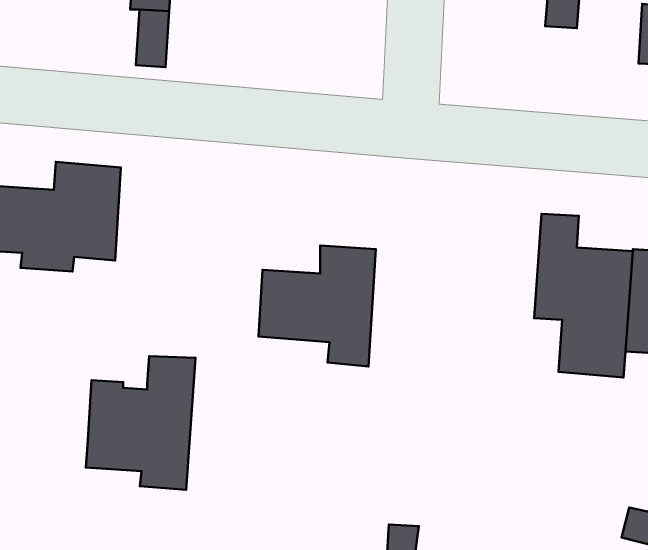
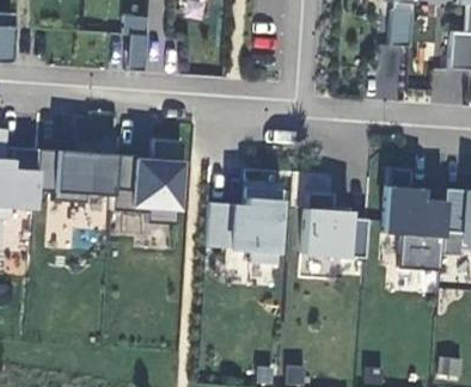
building: none -> [302,191,369,258]
building: [86,356,196,490] -> [112,139,183,225]

